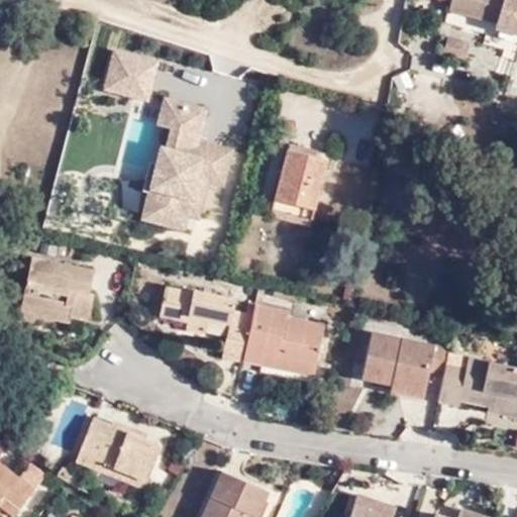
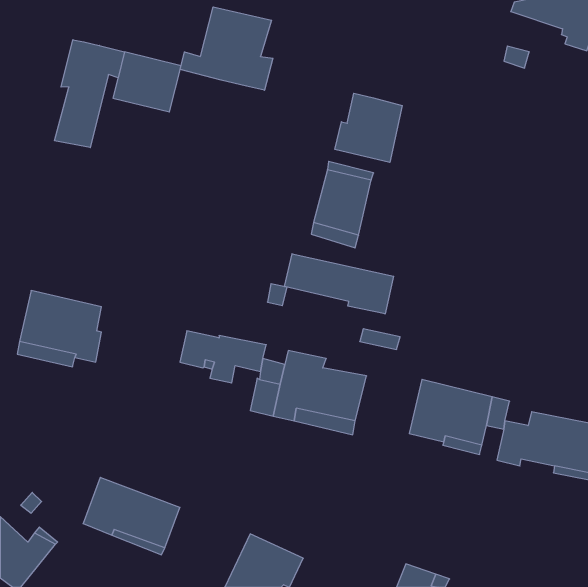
building: none -> [180,7,273,90]
building: none -> [55,40,124,148]
building: none -> [335,93,402,162]
building: [145,98,235,227] -> none
building: none -> [284,254,394,314]

